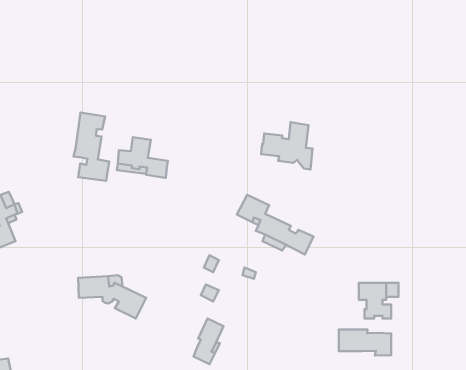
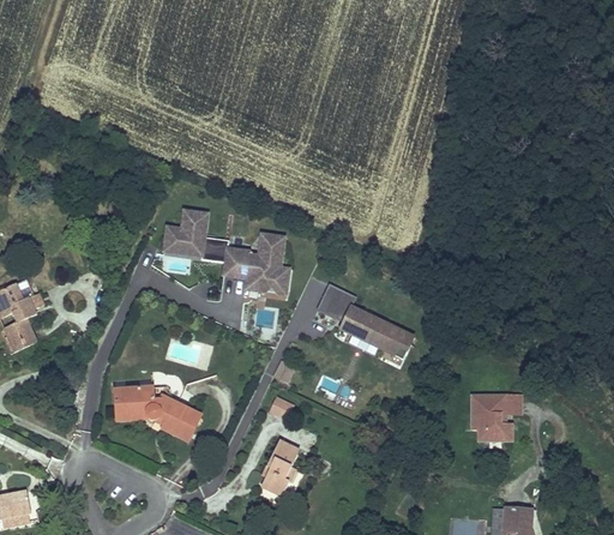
building: [73,112,109,181] -> none
building: [261,122,312,169] -> [224,234,289,294]
building: [339,329,391,356] -> none

